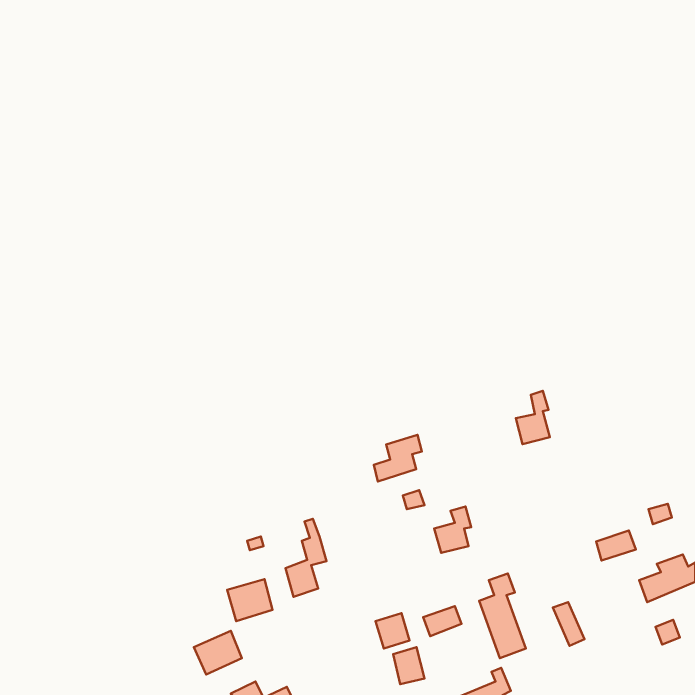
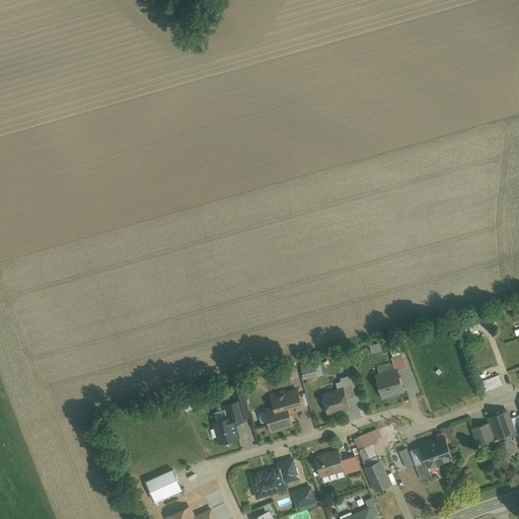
building: [516,391,550,444] -> [376,359,401,398]
building: [374,435,422,481] -> [265,394,300,429]
building: [596,531,636,561] -> [425,439,454,461]
building: [227,579,273,621] -> none
building: none -> [250,468,287,501]

